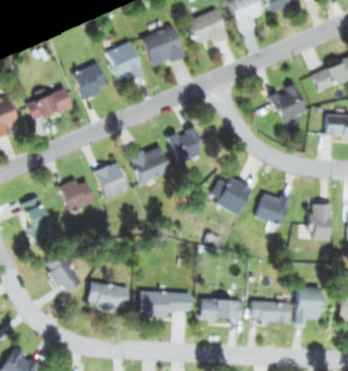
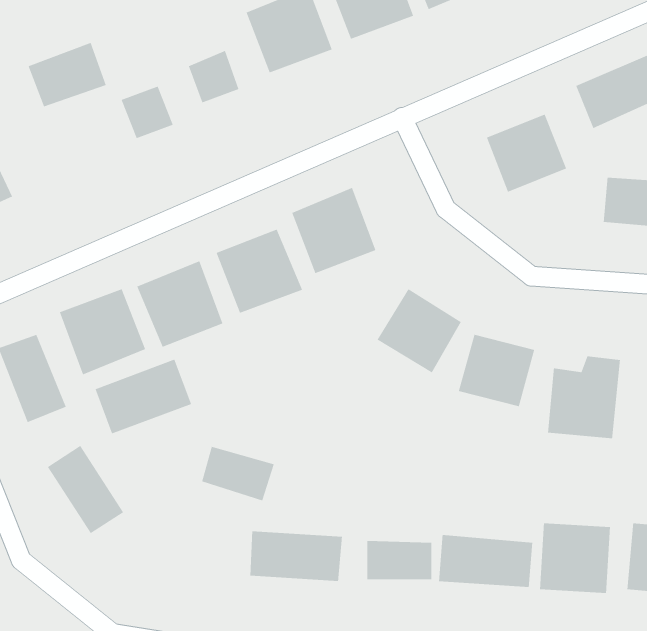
building: [31,89,72,122] -> [28,42,107,107]
building: none -> [94,359,192,435]
building: [87,282,124,310] -> [201,446,275,502]

